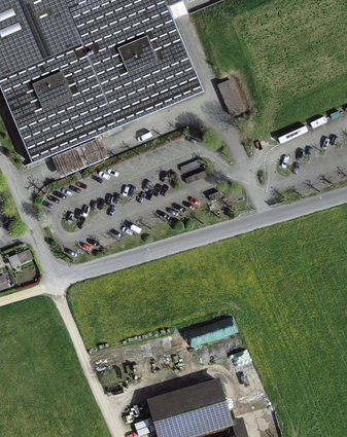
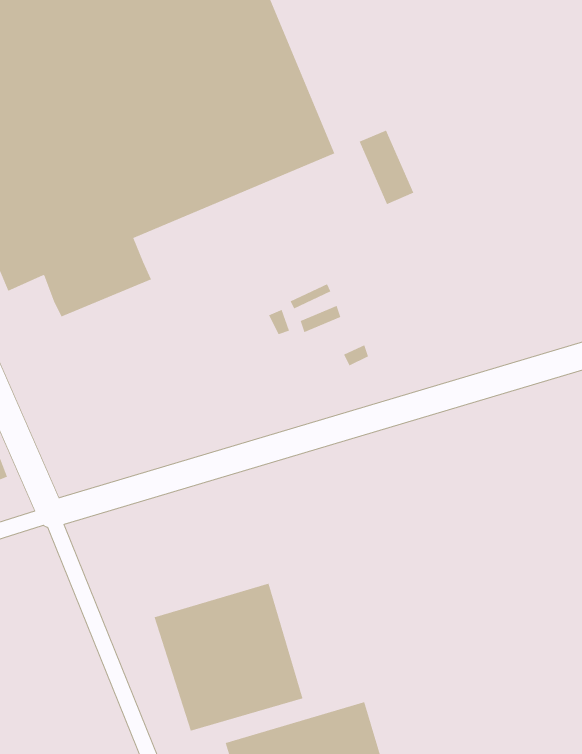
building: none -> [154,583,303,732]

